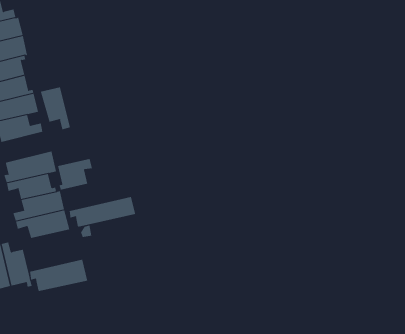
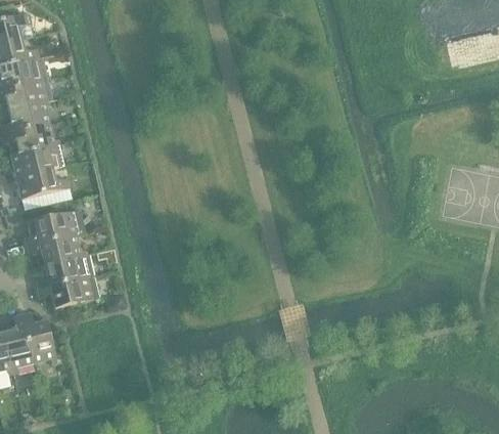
building: [40,86,71,130] -> none
building: [58,158,92,191] -> none
building: [69,196,136,228] -> none
building: [30,259,88,292] -> none

